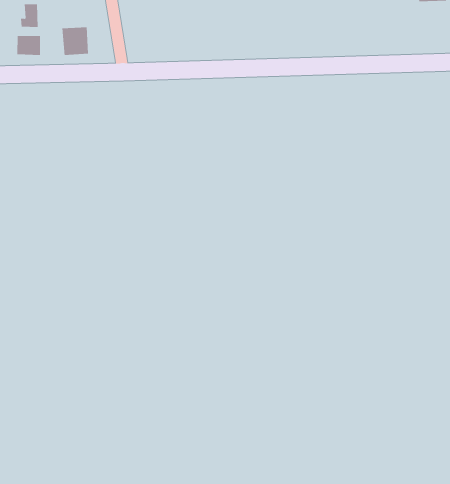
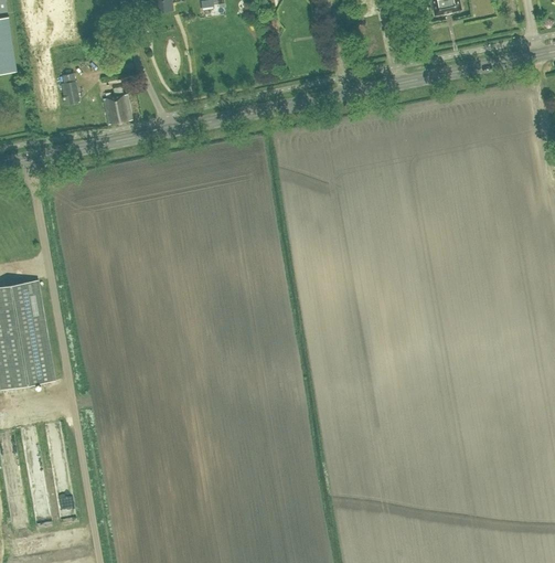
building: [17,35,41,56] -> none

